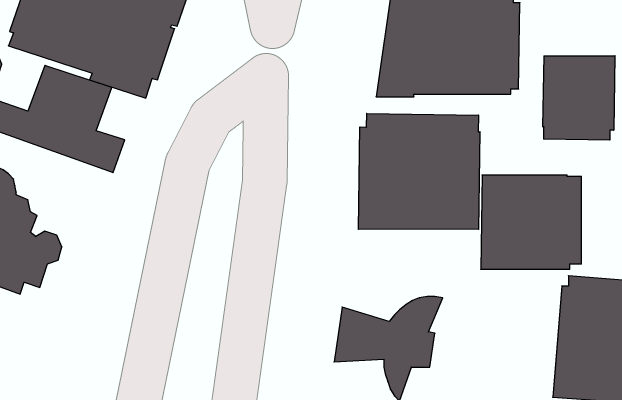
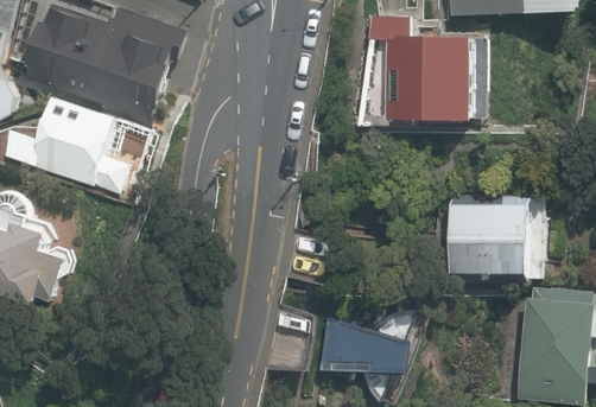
building: [543,56,615,140] -> none
building: [358,113,480,229] -> none

